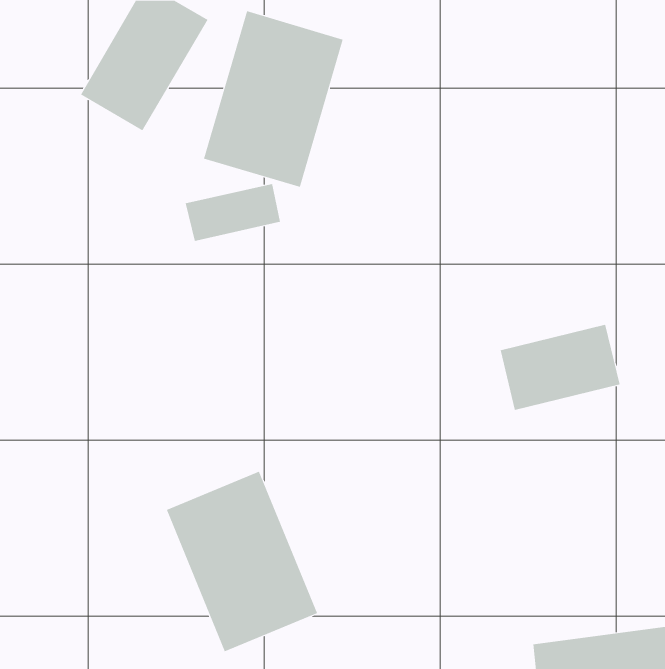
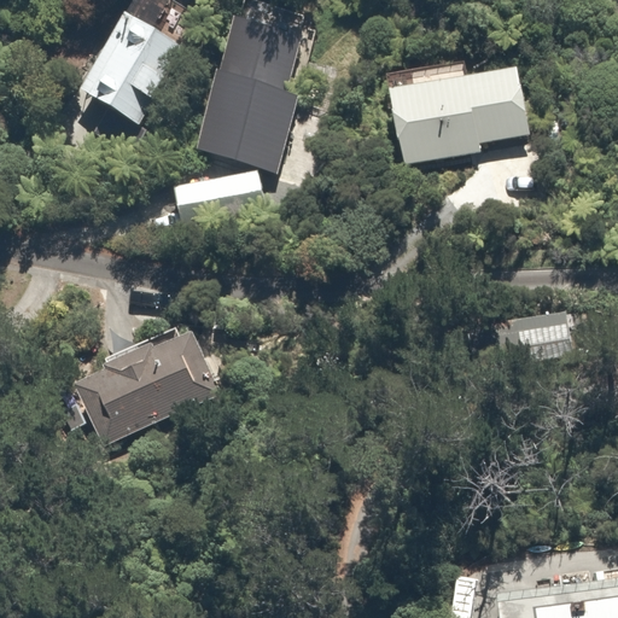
building: none -> [384,64,534,170]
building: none -> [75,330,218,444]
building: [166,471,318,652] -> none

